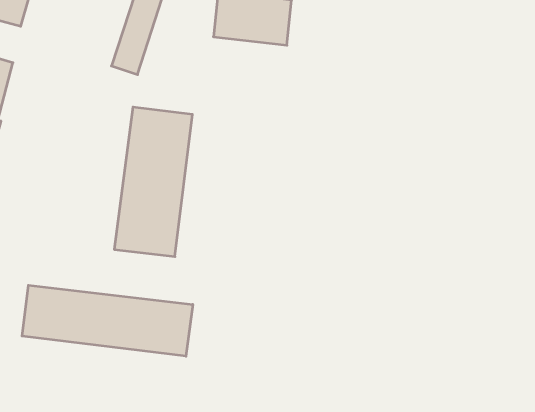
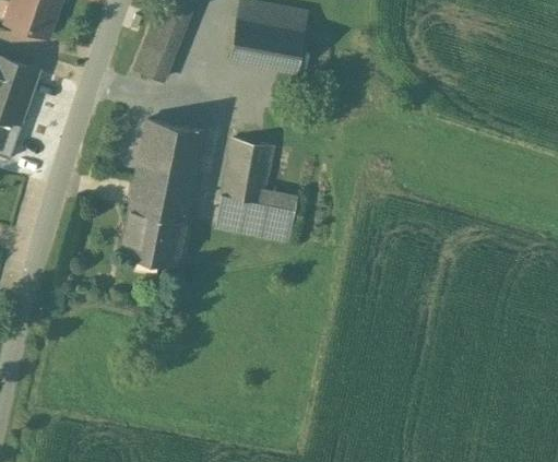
building: none -> [215,138,297,240]
building: [22,285,193,356] -> none

